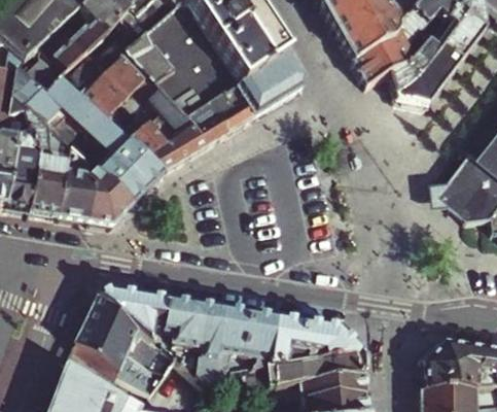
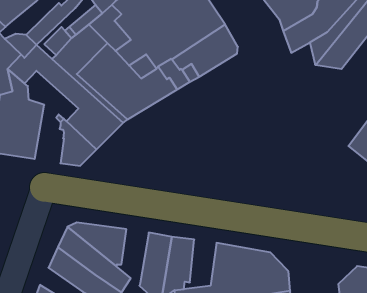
building: [60,145,95,218] -> none
building: [157,298,197,366] -> none
building: [239,310,278,370] -> none

